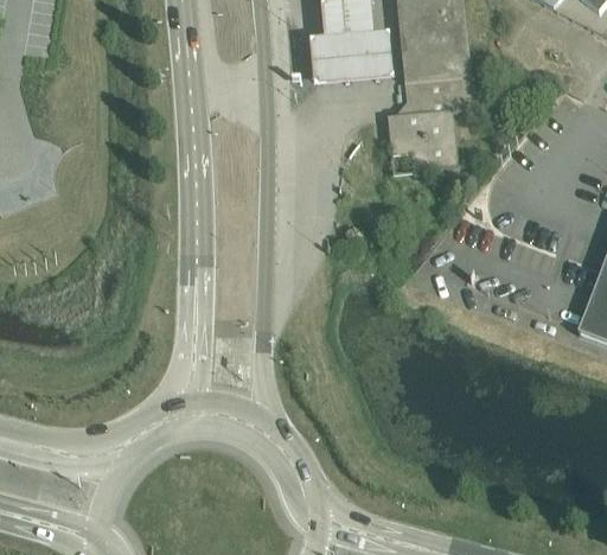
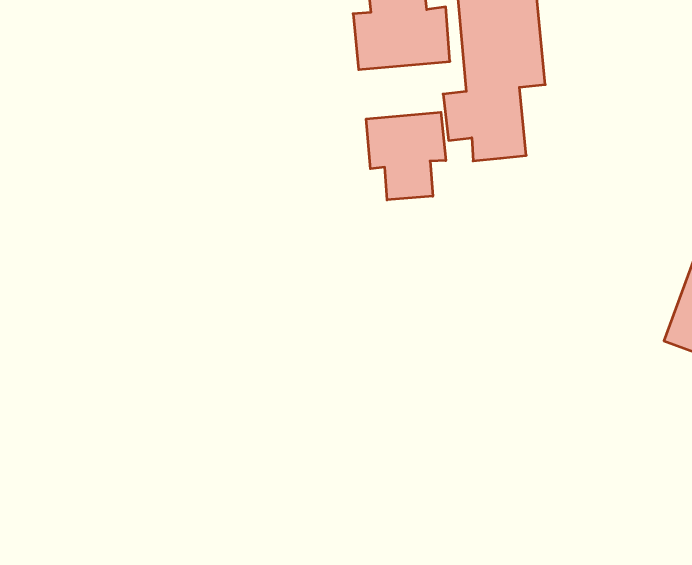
building: none -> [366,112,446,200]

